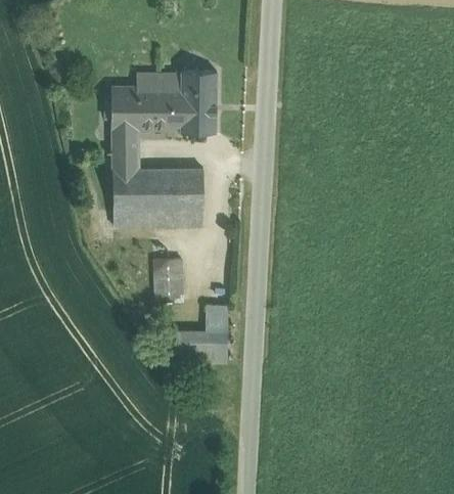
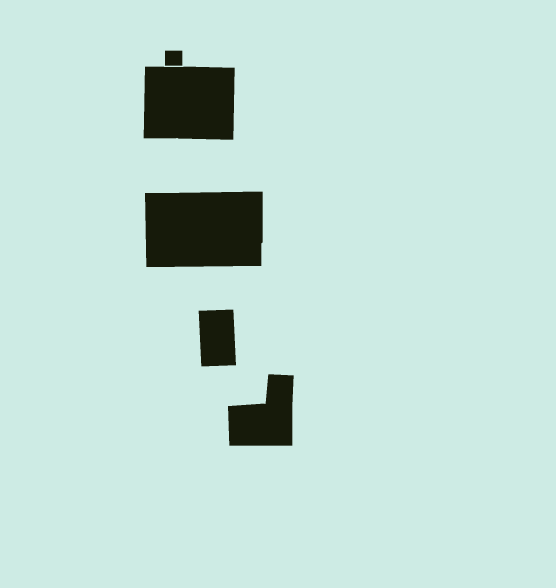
building: [181,71,216,131] -> none
building: [111,128,138,169] -> none

